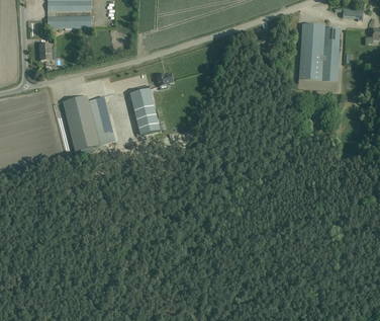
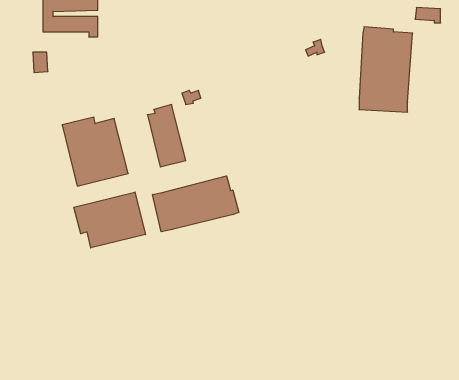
building: none -> [153,176,239,232]
building: none -> [74,192,145,248]

